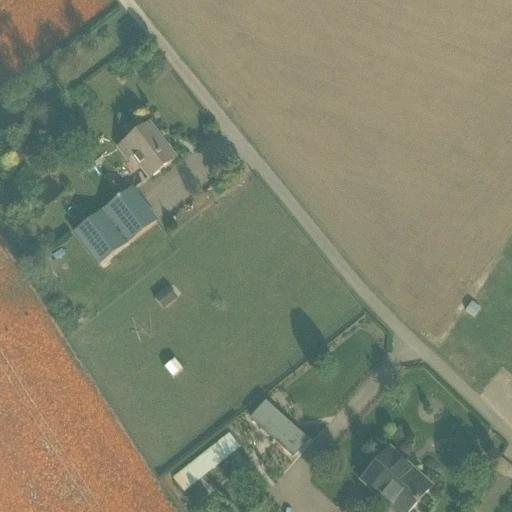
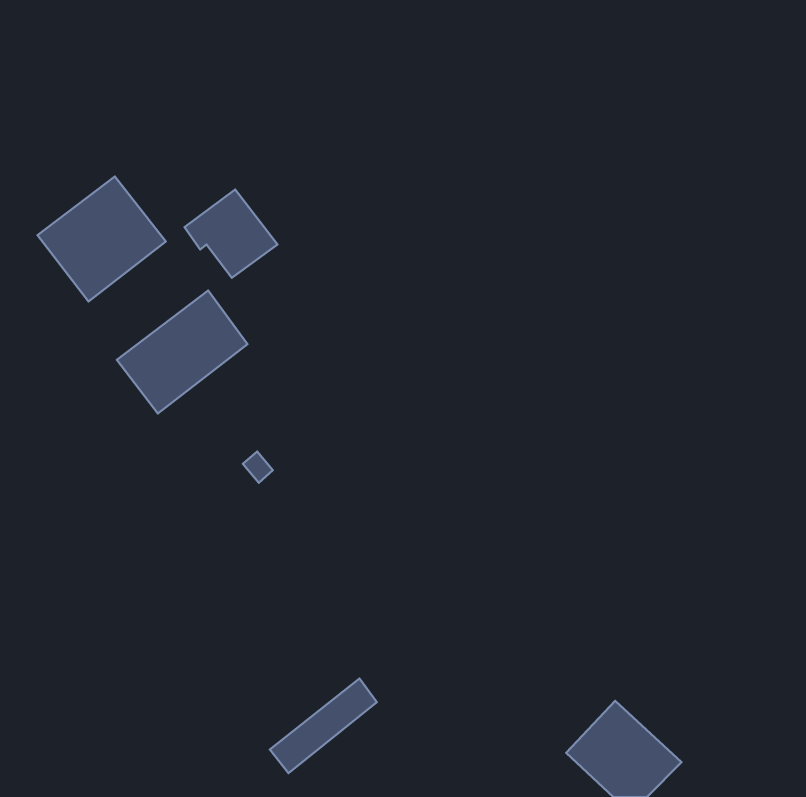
building: none -> [37,177,166,302]
building: [252,401,307,453] -> none

